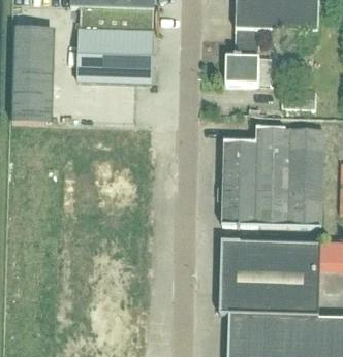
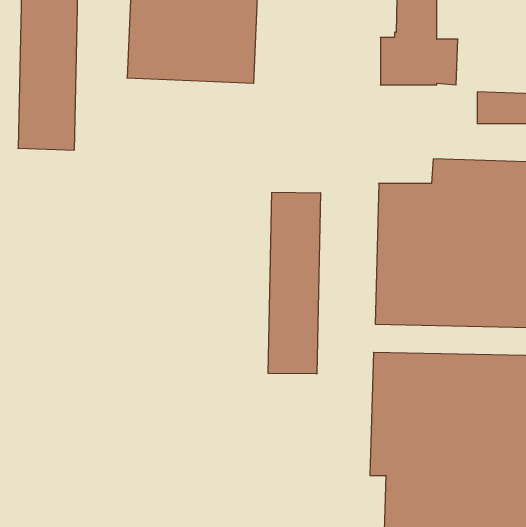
building: none -> [268,192,321,374]

